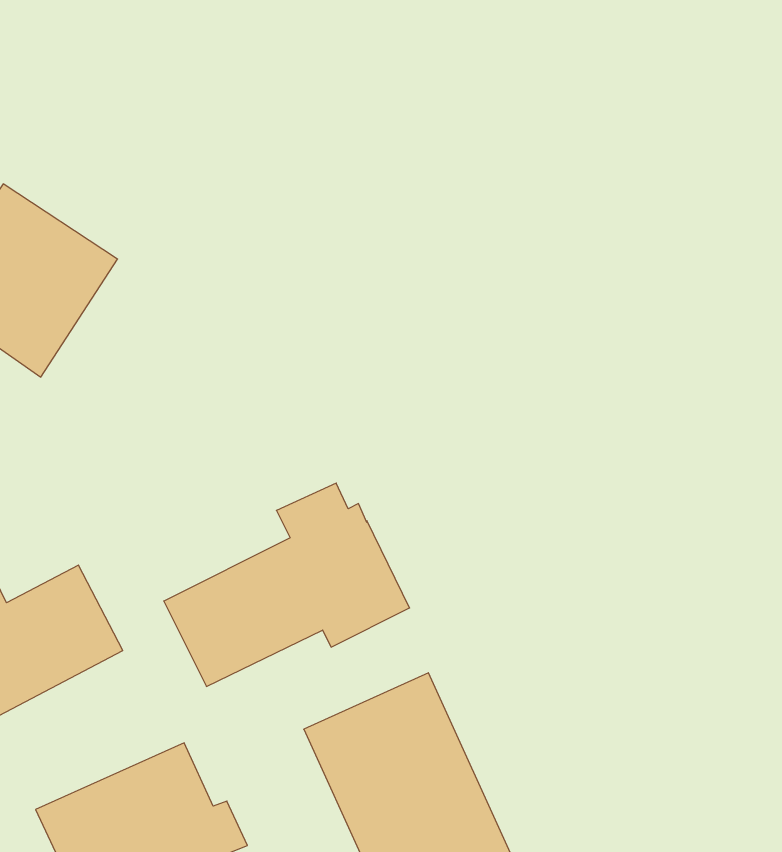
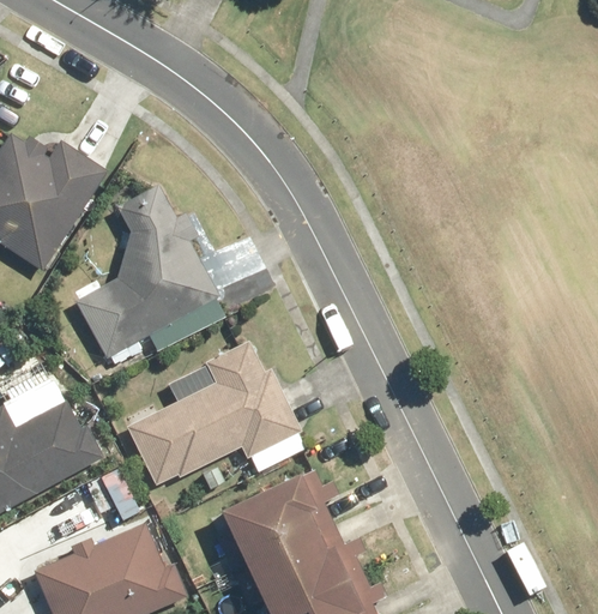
building: none -> [75,189,217,360]

